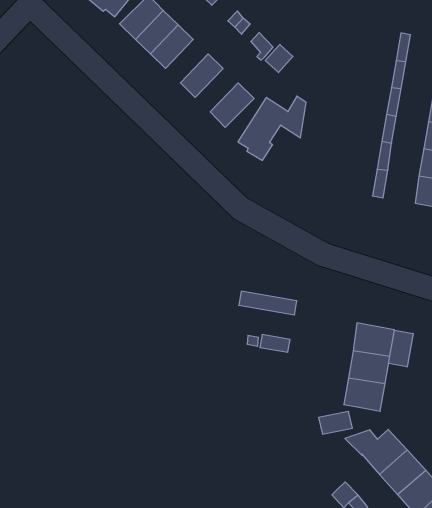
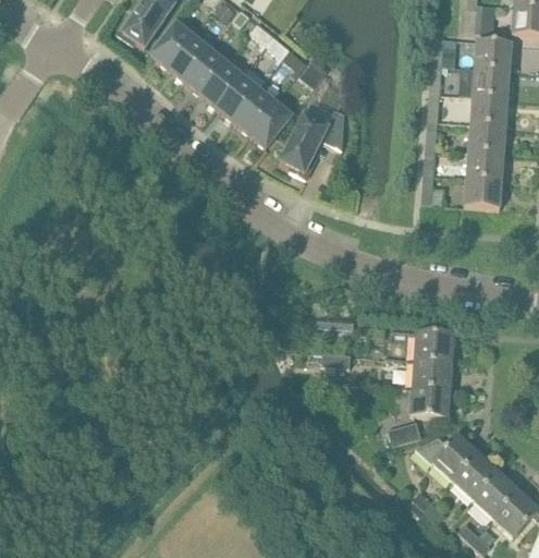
building: none -> [200,62,242,107]
building: none -> [233,88,274,133]
building: [389,330,413,367] -> none

